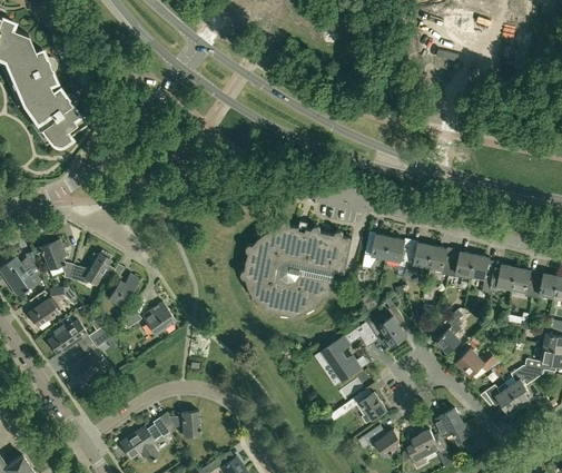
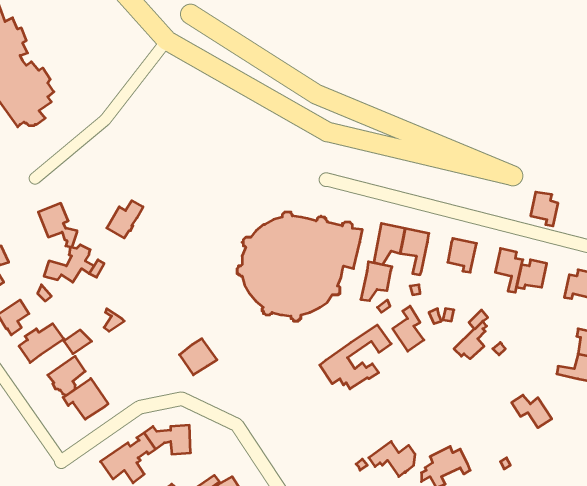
building: [39,239,73,278] -> [38,203,77,247]
building: [404,240,432,275] -> [361,262,392,301]
building: [447,249,474,279] -> none
building: [511,267,535,297] -> [531,192,558,226]
building: [107,274,139,307] -> [107,201,143,238]
building: [141,302,175,334] -> [179,339,217,375]
building: [456,348,500,378] -> none
building: [507,365,543,405] -> none
building: none -> [63,378,108,419]
building: [338,390,385,423] -> none
building: [431,408,471,440] -> none

